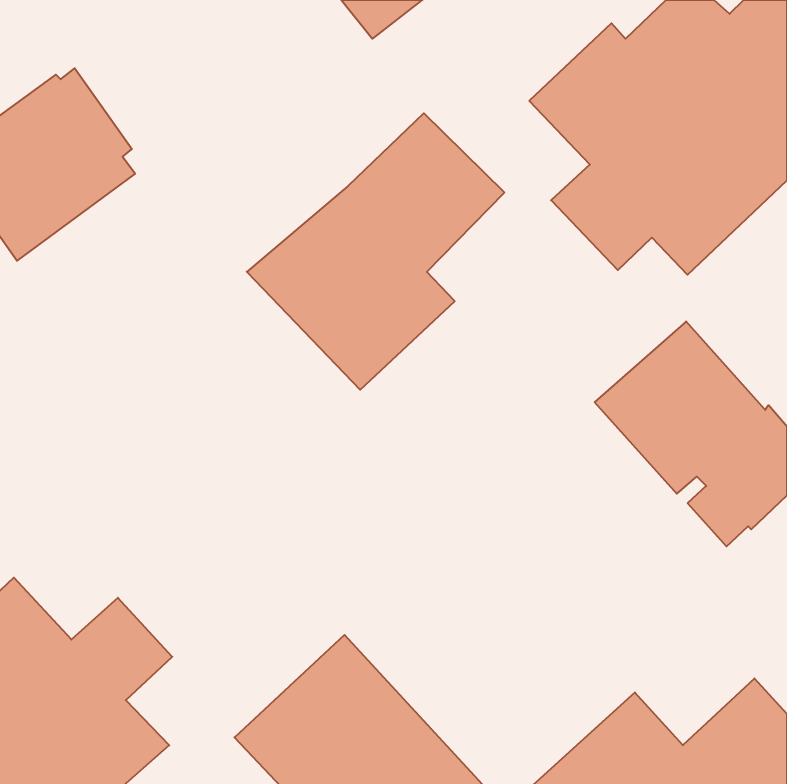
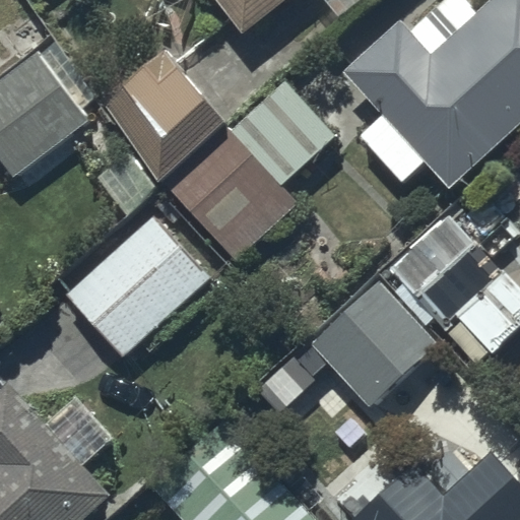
building: none -> [106,48,228,184]
building: none -> [68,217,208,358]
building: none -> [266,282,438,411]

